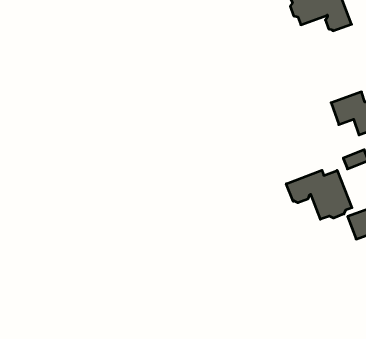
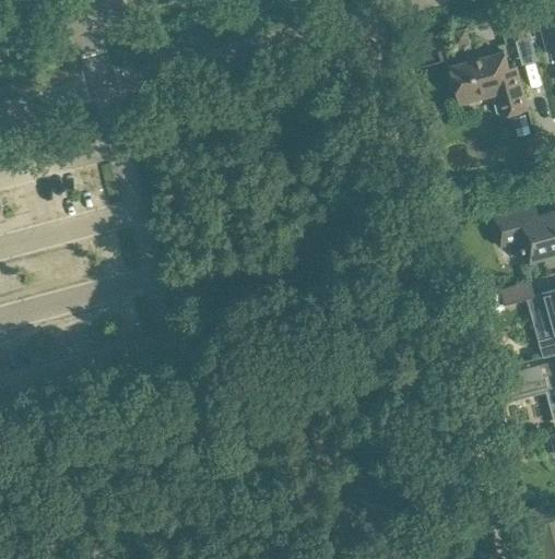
building: [286,170,352,219] -> none

